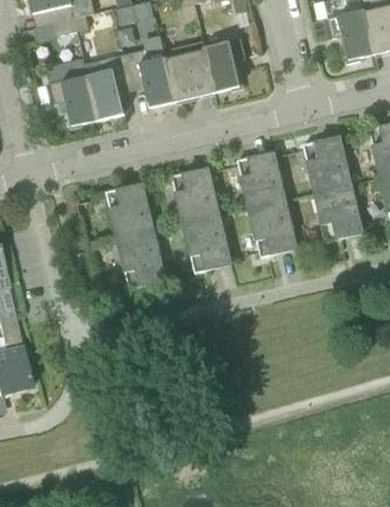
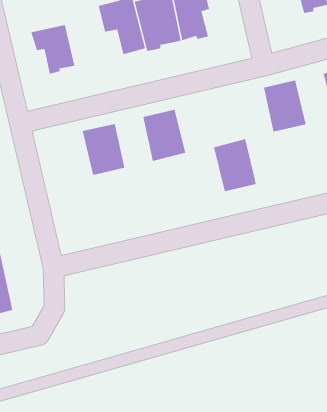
building: [88,53,130,118] -> none
building: [237,149,284,207] -> none
building: [314,182,363,240] -> none
building: [183,213,231,271] -> none
building: [117,230,165,287] -> none

